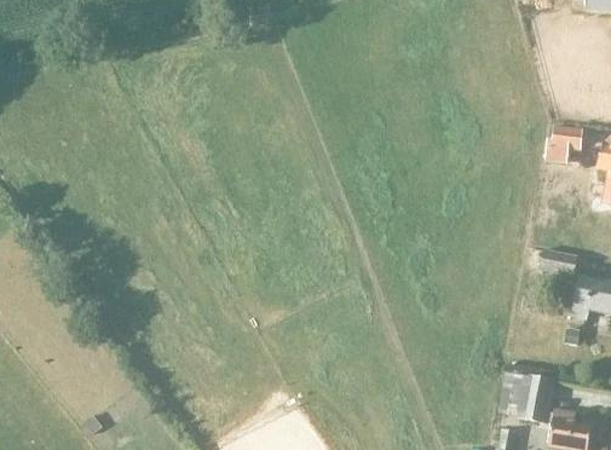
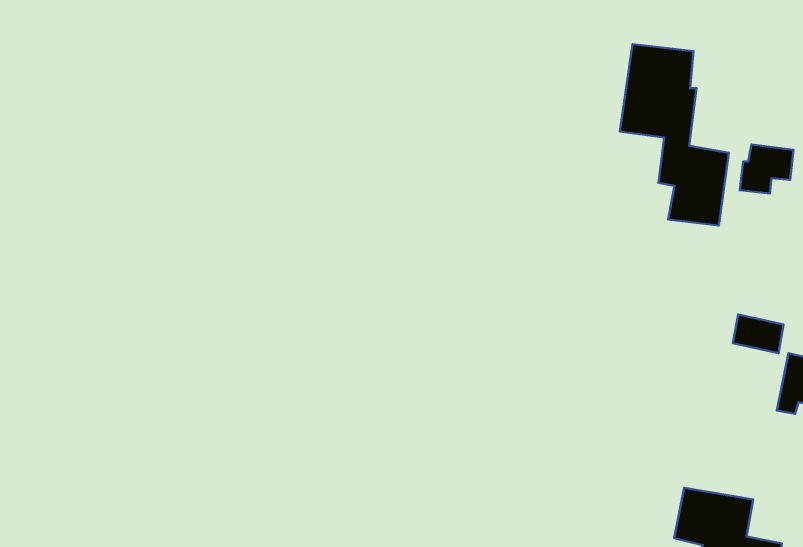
building: none -> [620,44,729,225]

